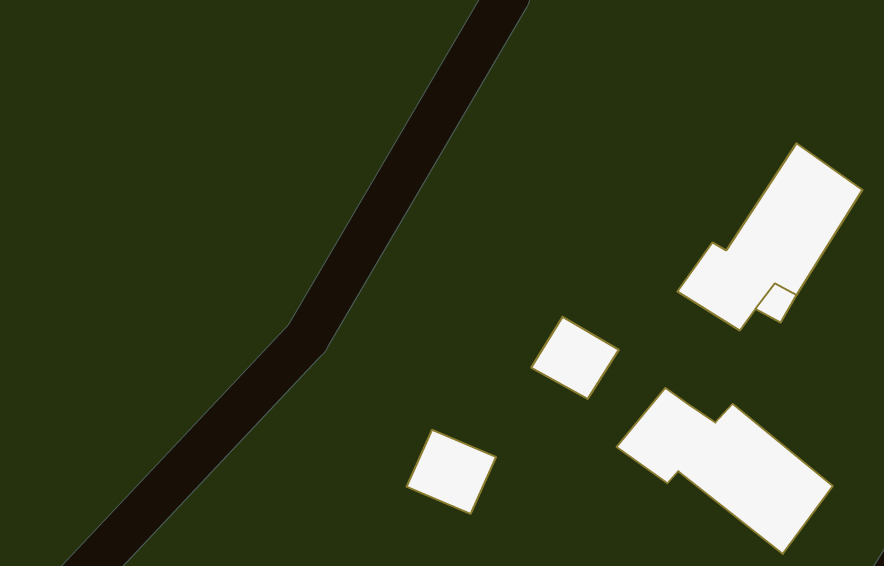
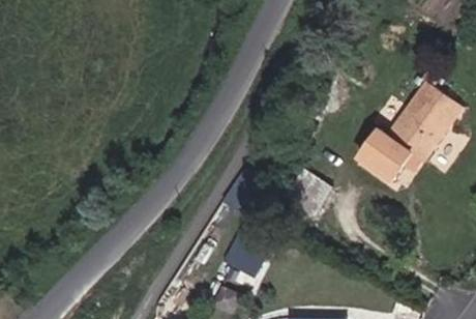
building: [617,388,833,554] -> none

